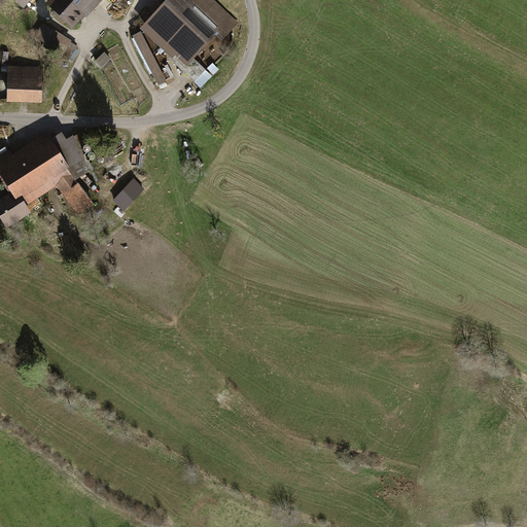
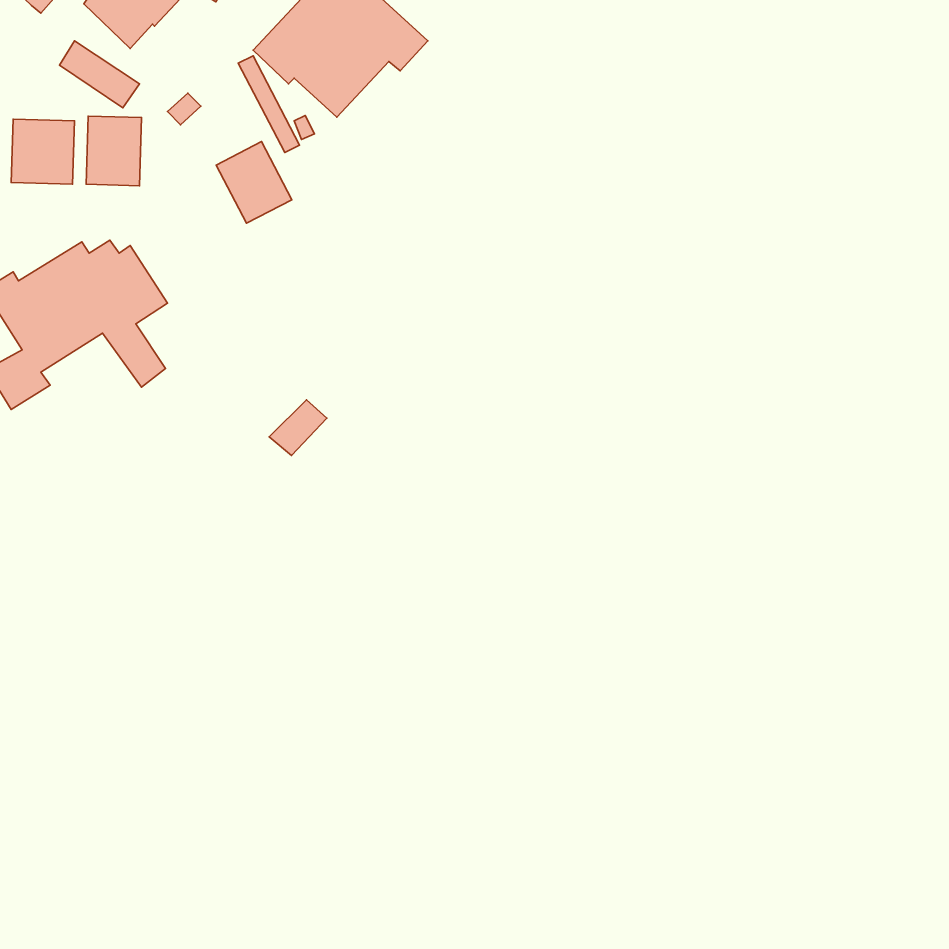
building: none -> [86,116,141,186]
building: none -> [216,142,292,223]
building: [111,180,143,211] -> [269,400,327,455]

